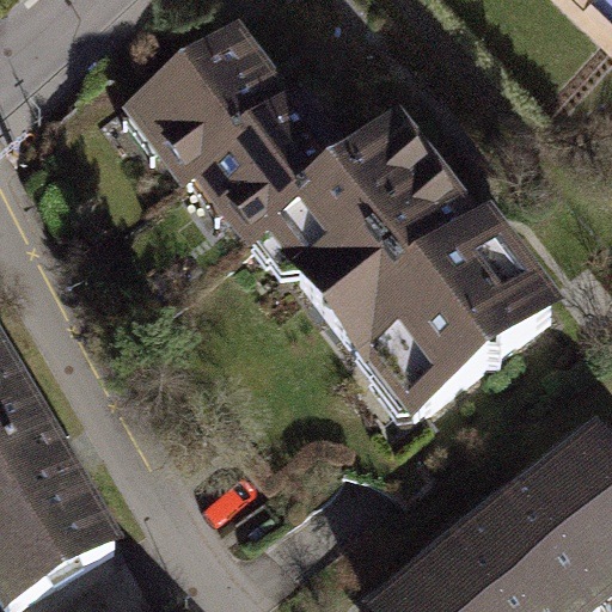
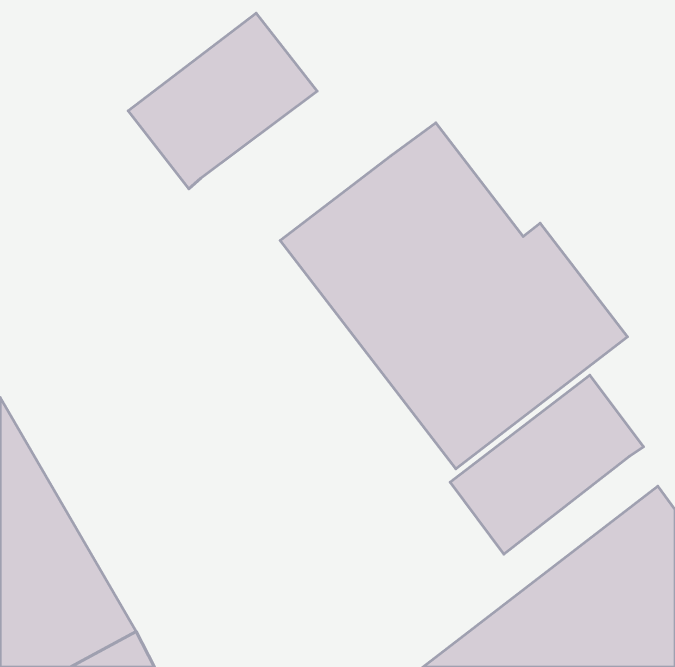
building: [182,71,354,232] -> none
building: none -> [450,375,643,554]

